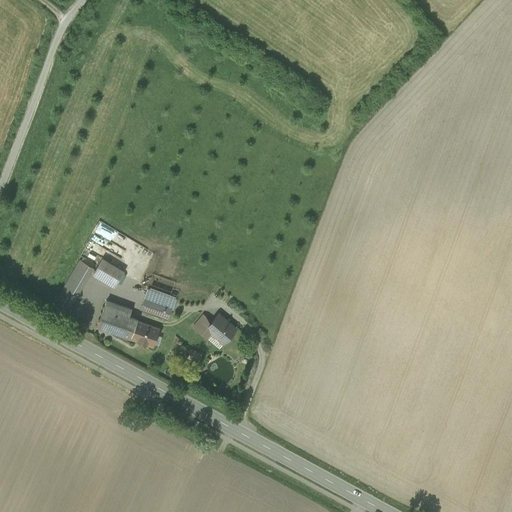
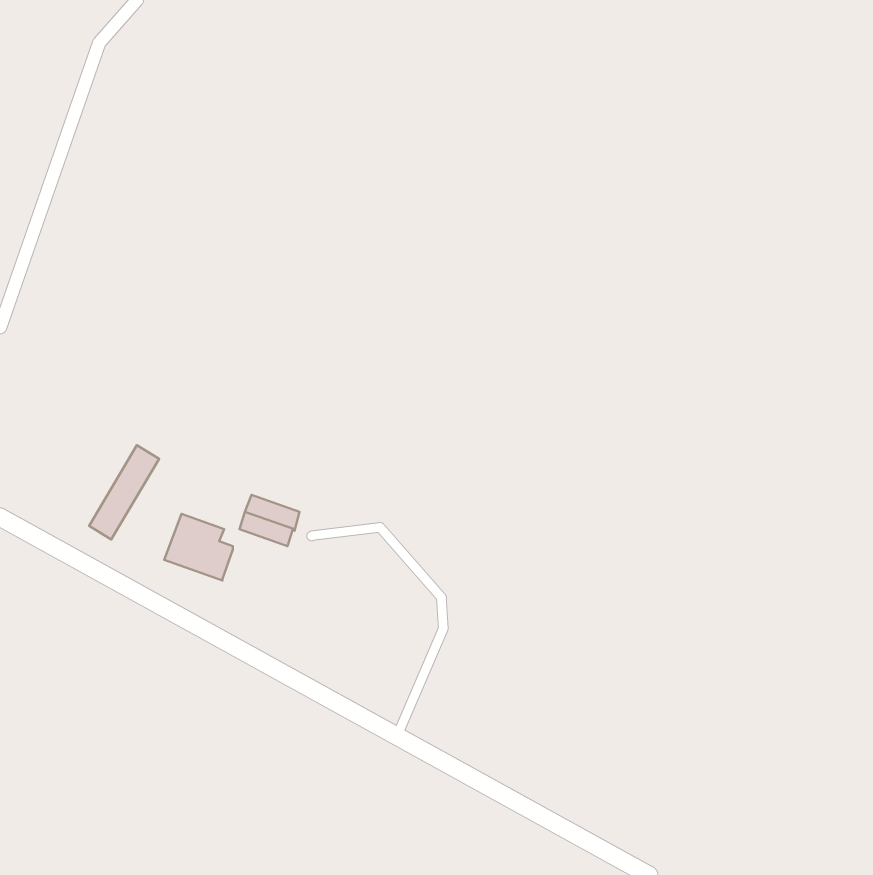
building: [94,259,124,286] -> none
building: [197,314,236,342] -> none
building: [131,321,159,346] -> none

